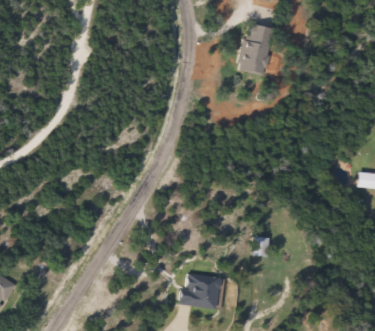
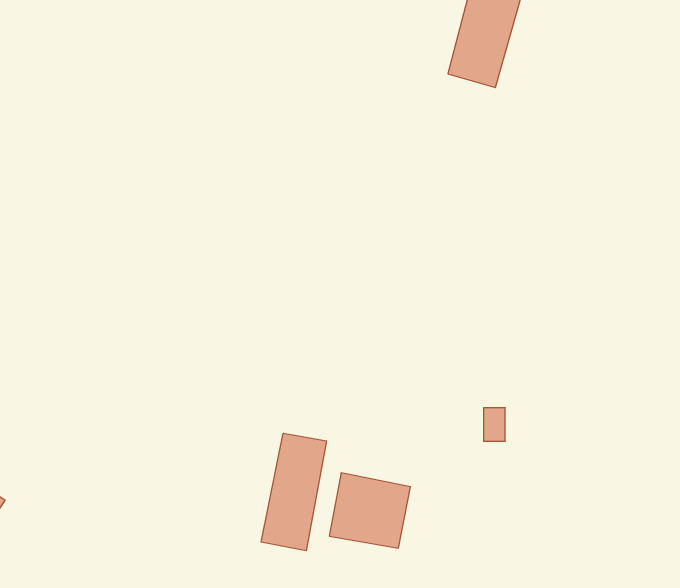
building: none -> [261,433,327,551]

